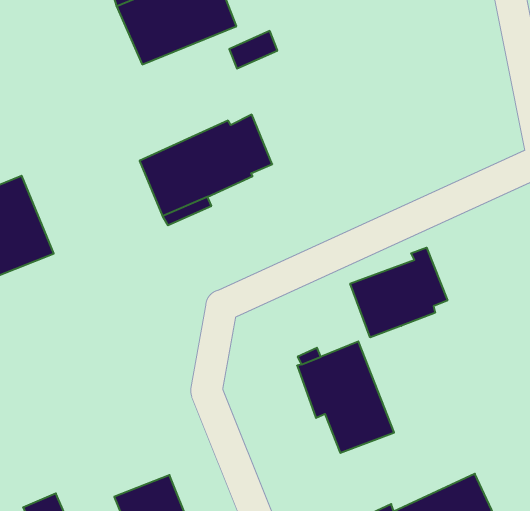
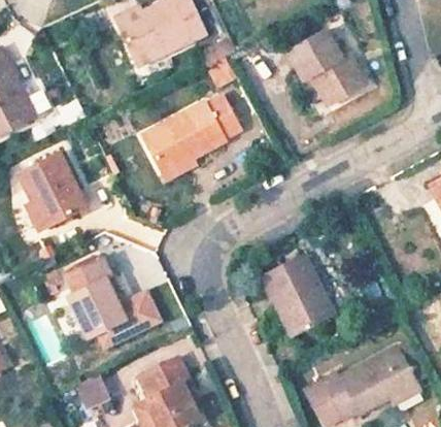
building: none -> [287,33,363,108]
building: [350,248,447,337] -> none
building: none -> [67,257,162,346]

